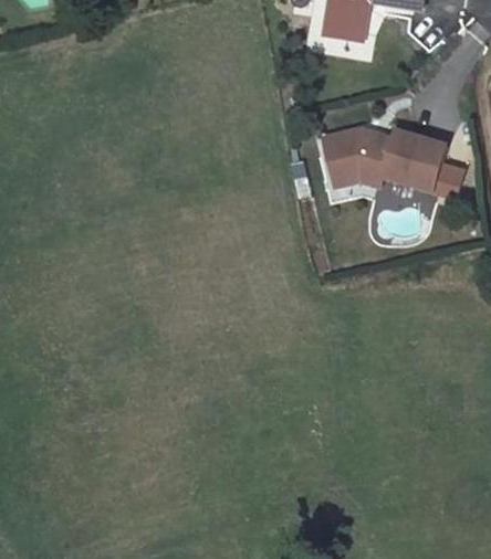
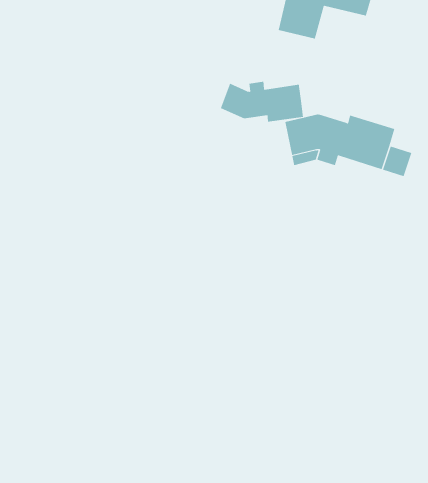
building: none -> [220,81,303,122]

